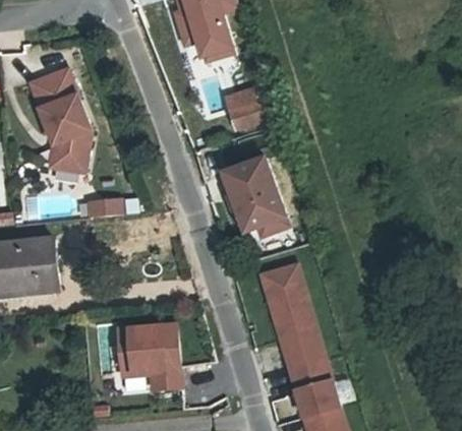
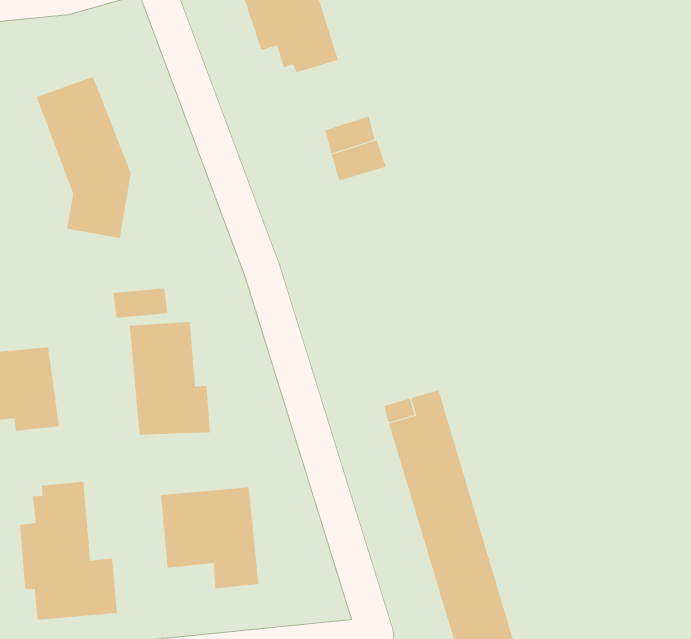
building: [219,157,286,237] -> none
building: none -> [129,321,211,435]
building: none -> [20,481,117,620]

